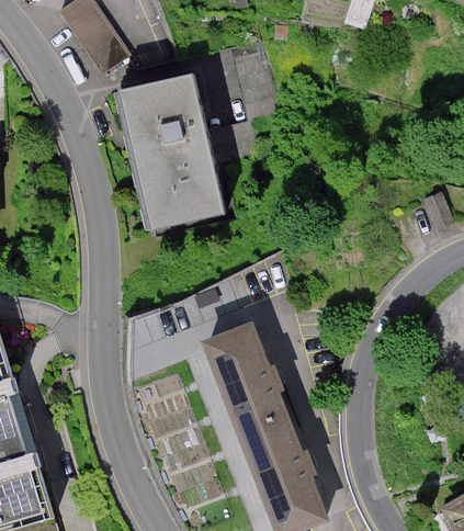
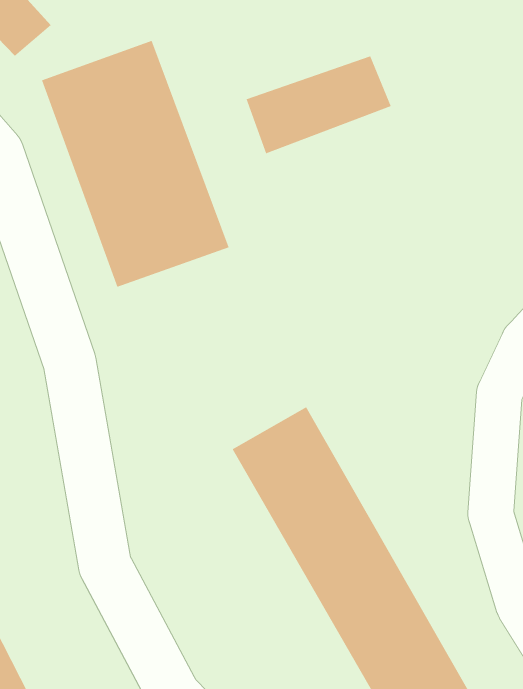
building: none -> [246,55,391,154]

